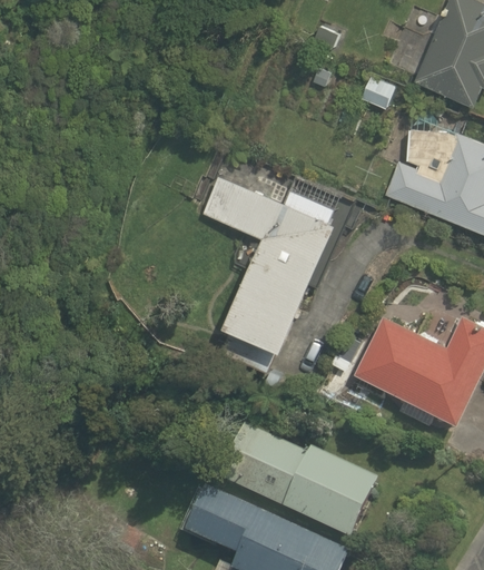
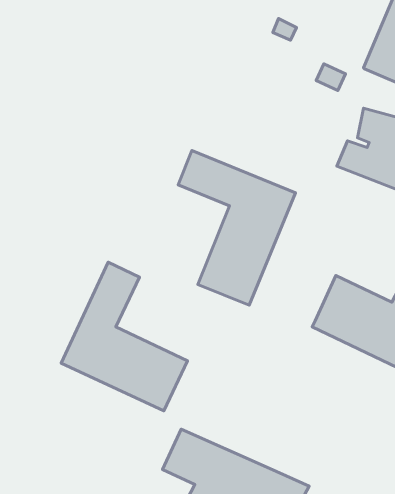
building: none -> [61,262,187,411]
building: [220,420,382,542] -> none

